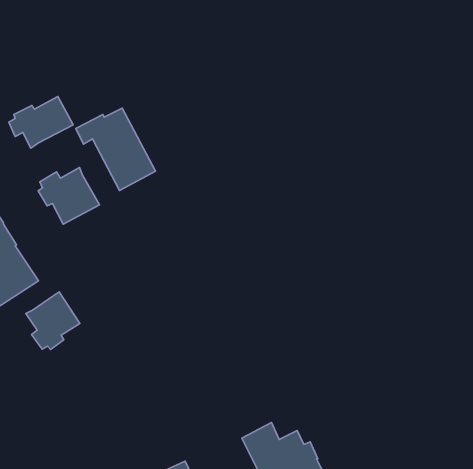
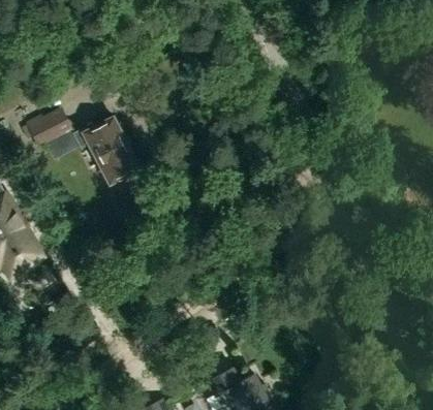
building: [38,167,99,224] -> none
building: [26,292,80,350] -> none

